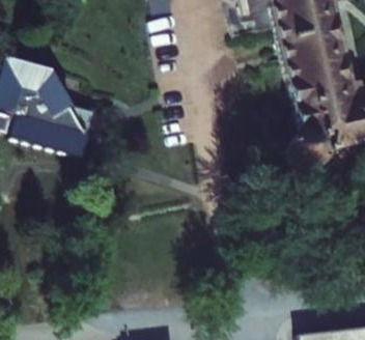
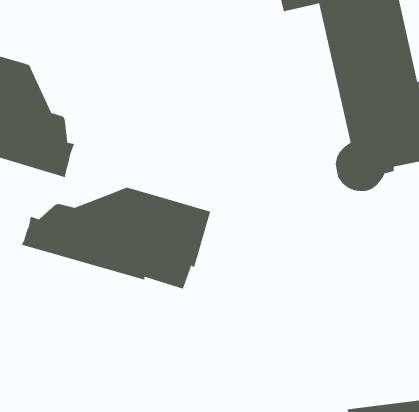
building: none -> [21,187,211,289]

